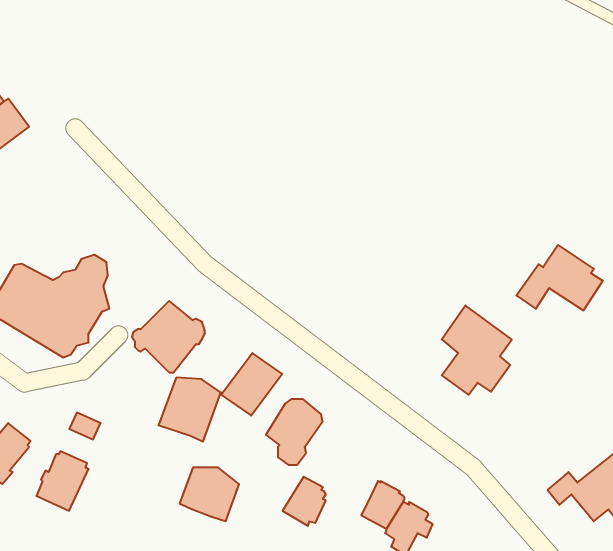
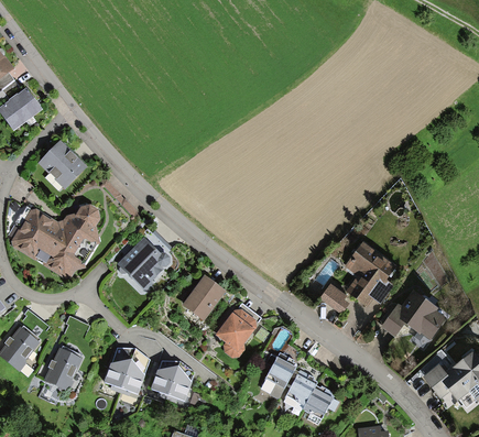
building: none -> [35,139,86,189]
building: [516,245,603,310] -> [381,289,445,338]
building: none -> [320,283,350,314]
building: [158,378,221,442] -> [105,349,151,396]
building: [283,477,326,526] -> [265,352,297,389]

